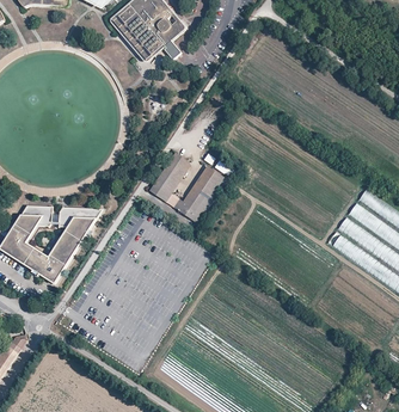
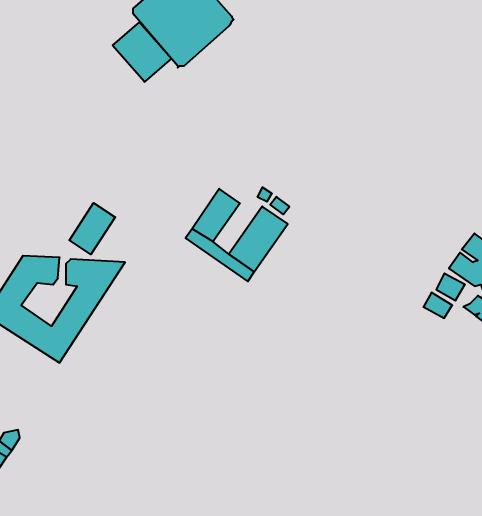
building: none -> [113,22,171,82]
building: none -> [69,203,115,254]

